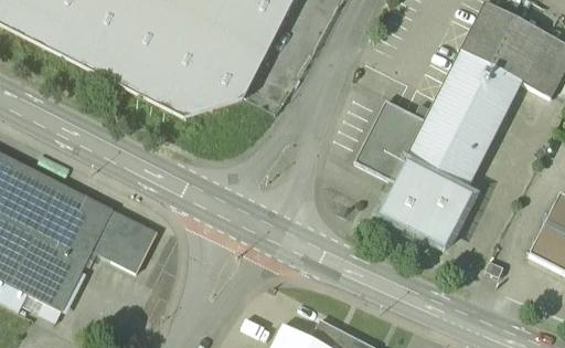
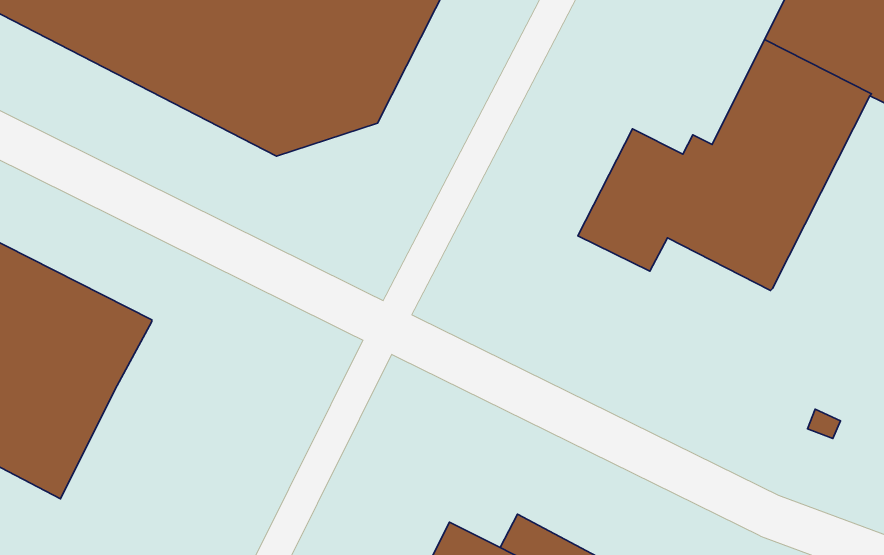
building: [379,162,471,249] -> none
building: [92,209,157,272] -> none

